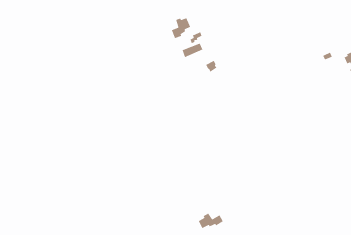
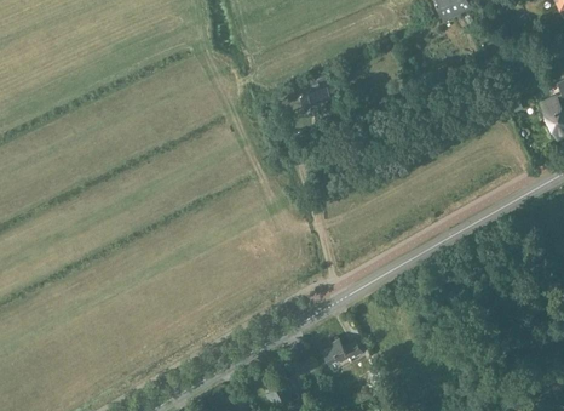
building: [171,17,191,39] -> none

